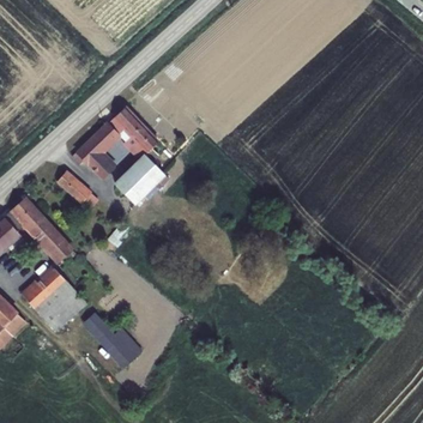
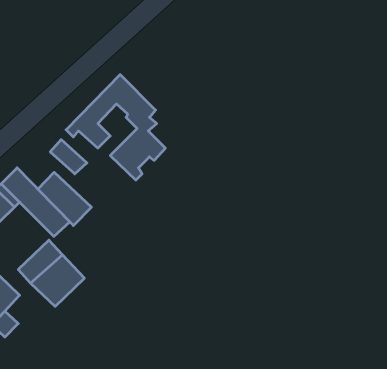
building: none -> [38,172,91,226]
building: [87,313,140,365] -> none

